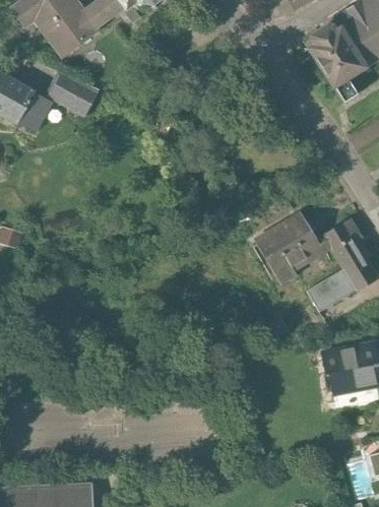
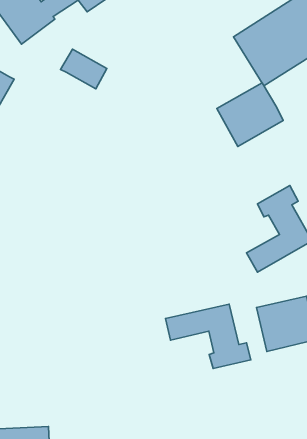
building: [47,72,98,116] -> [61,49,107,89]
building: [254,207,327,277] -> [217,83,283,146]
building: none -> [165,304,251,369]

